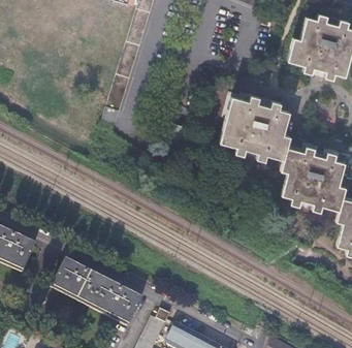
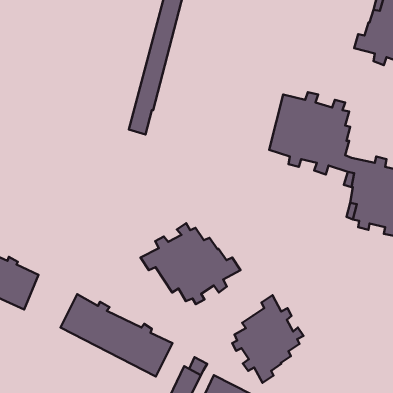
building: none -> [140,223,241,304]
building: none -> [232,295,303,383]

